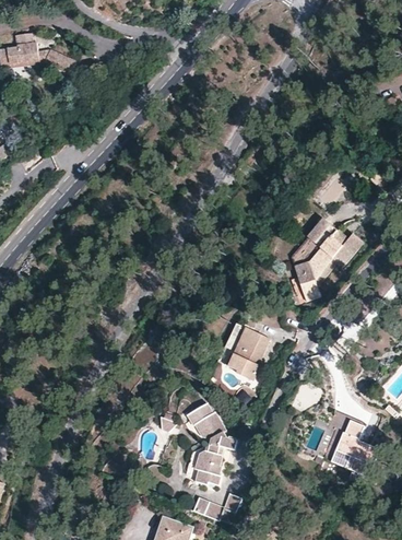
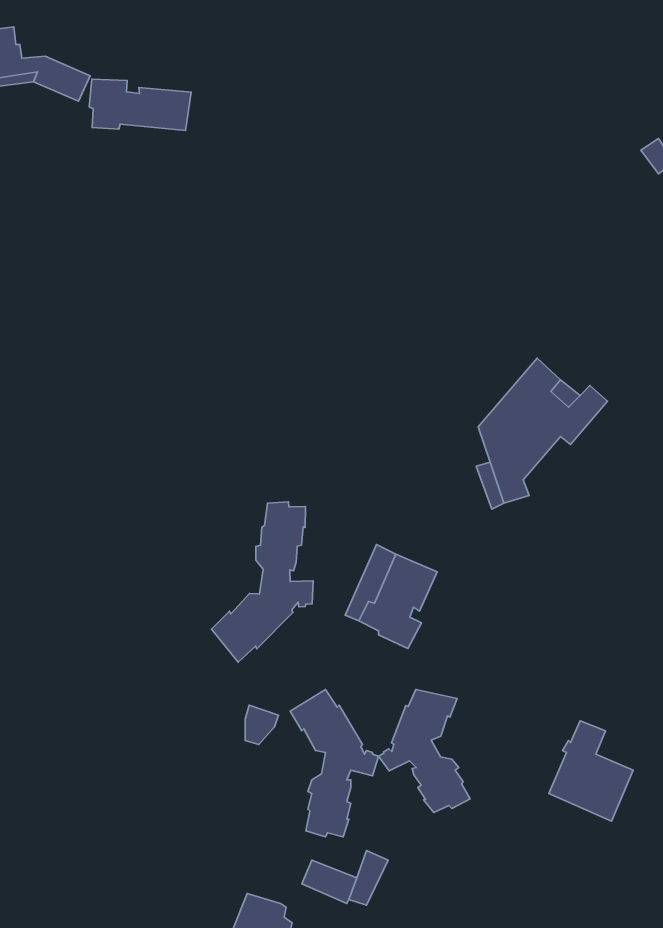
building: none -> [89,79,191,130]
building: none -> [211,502,313,662]
building: none -> [378,690,470,813]

